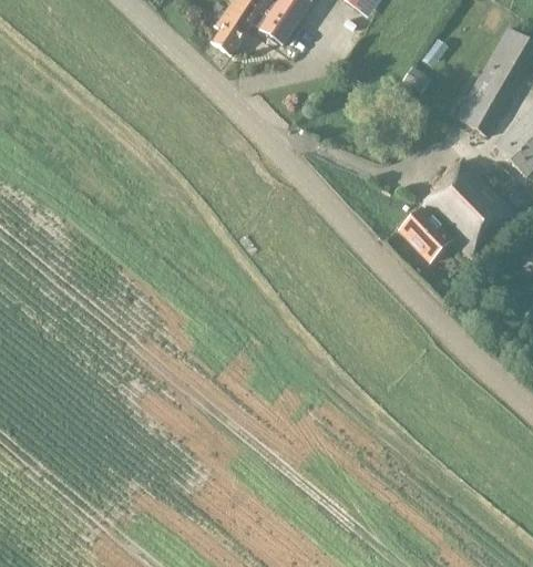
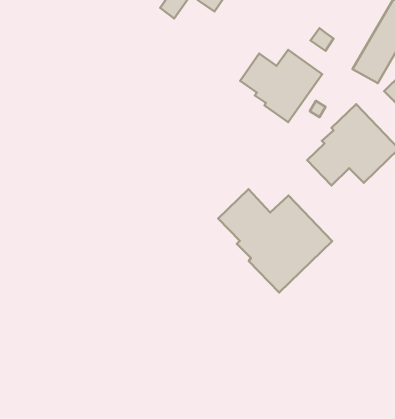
building: none -> [240,50,322,122]
building: none -> [218,189,332,293]

